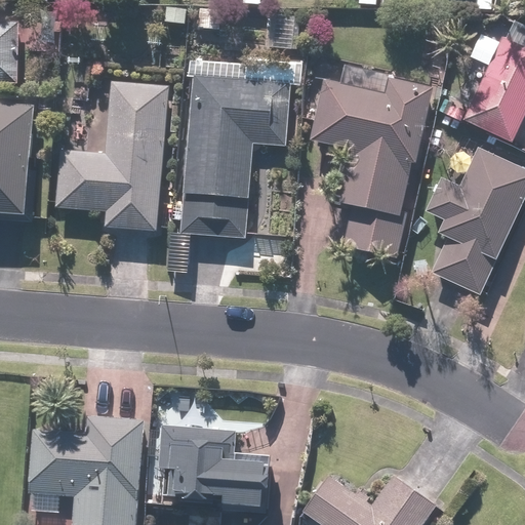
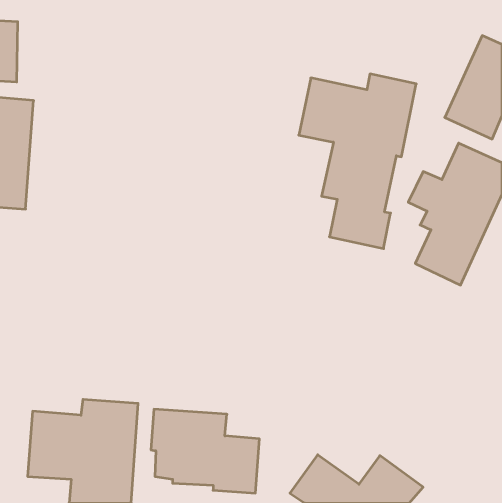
building: [178,75,289,240] -> none
building: [57,81,170,233] -> none

